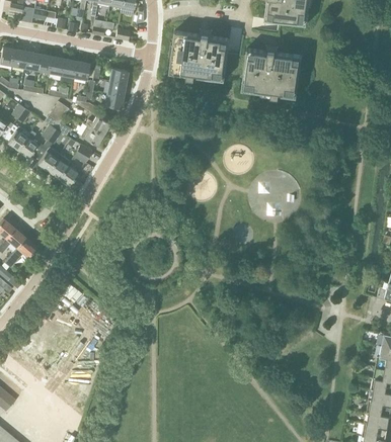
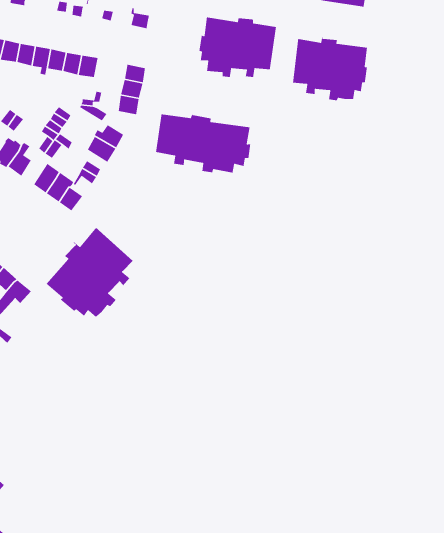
building: none -> [155,112,251,173]
building: none -> [45,227,133,318]

